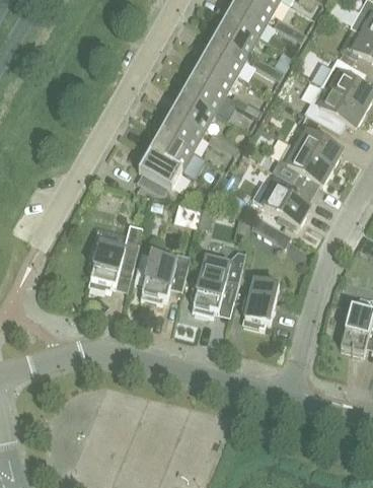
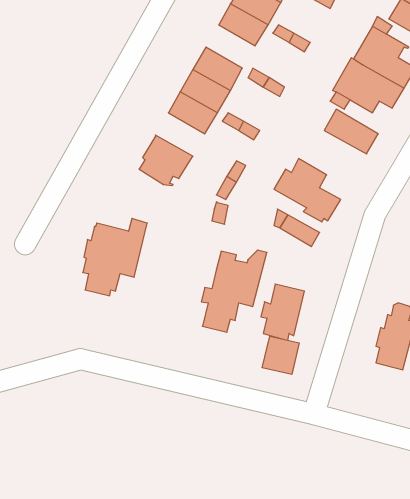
building: [194,56,236,93] -> none
building: [146,132,193,169] -> none
building: [274,142,332,186] -> none
building: [134,252,191,303] -> none
building: none -> [262,336,299,374]

